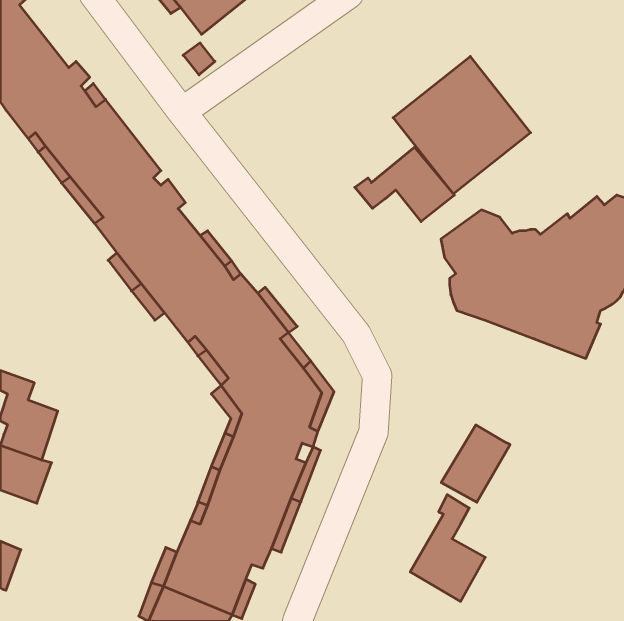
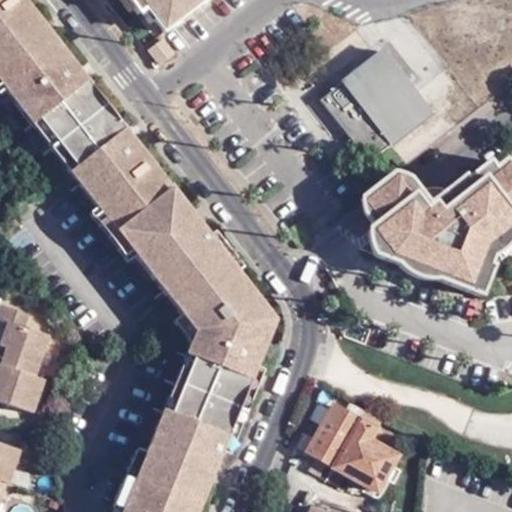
building: [355,147,454,222] -> none
building: [441,425,510,502] -> [308,403,364,466]

